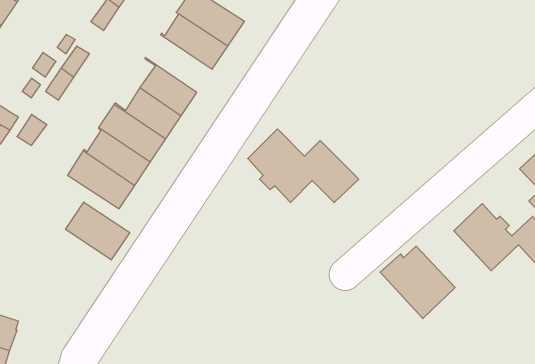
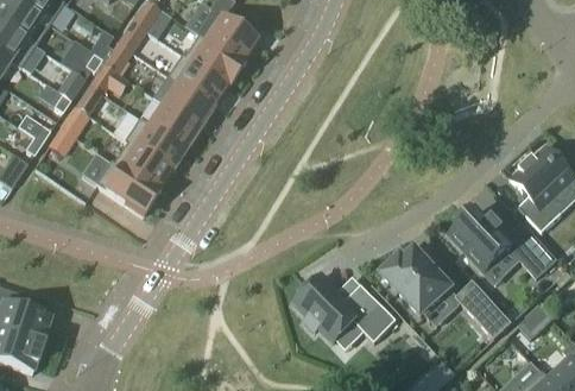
building: none -> [166,53,228,107]
building: [248,129,359,203] -> [295,273,397,341]
building: [66,202,130,260] -> none
building: none -> [456,279,512,338]

